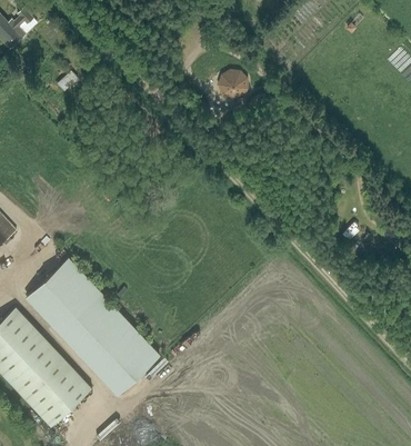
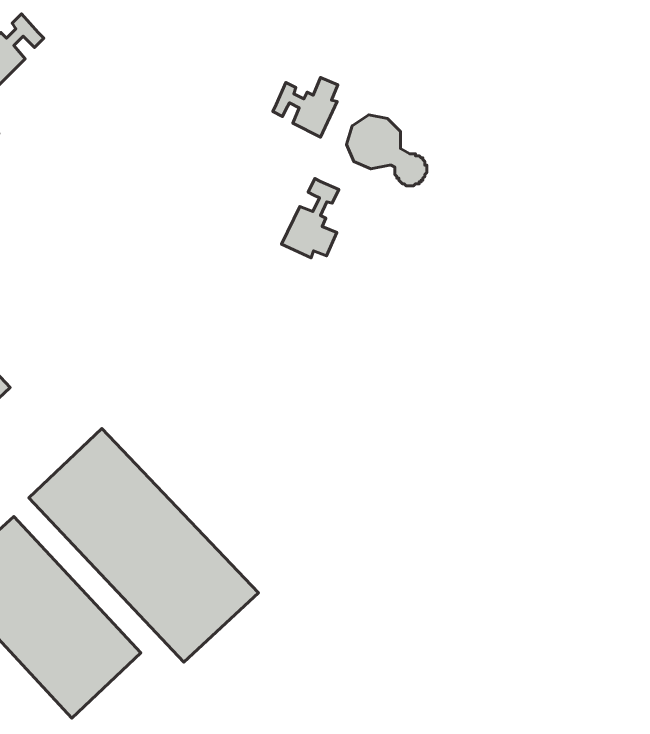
building: none -> [273,78,338,137]
building: none -> [281,179,339,258]

